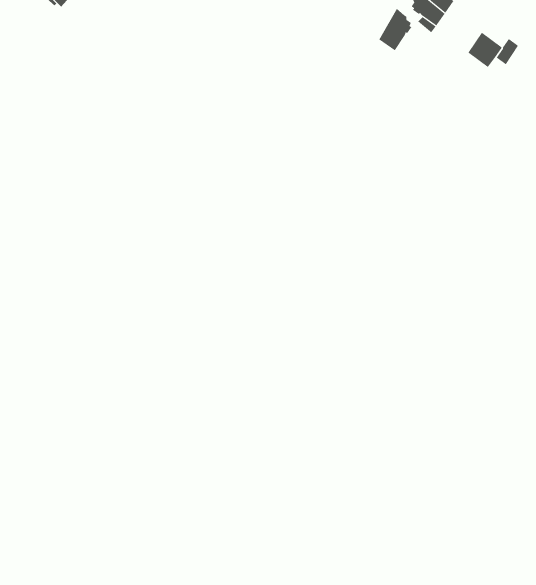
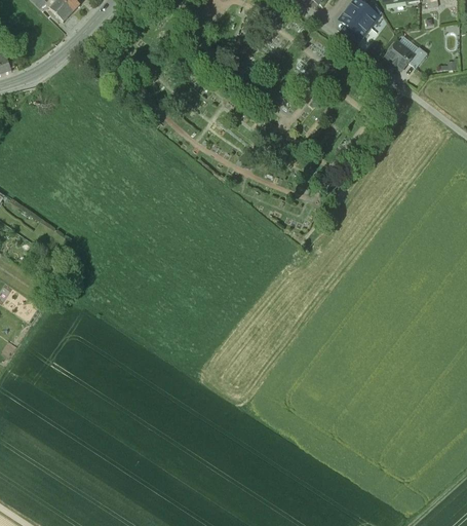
building: [379,8,412,51] -> none

